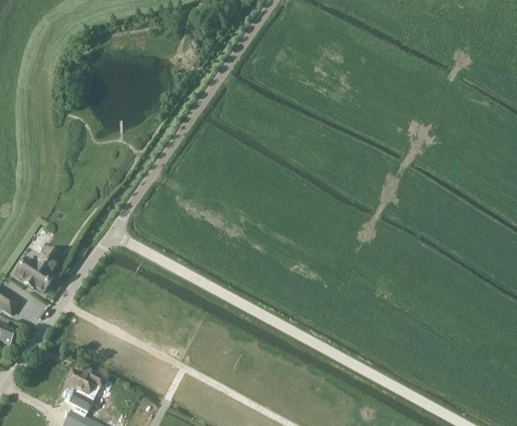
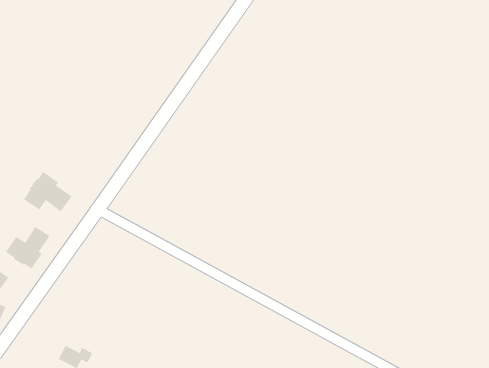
building: none -> [23,171,73,212]

